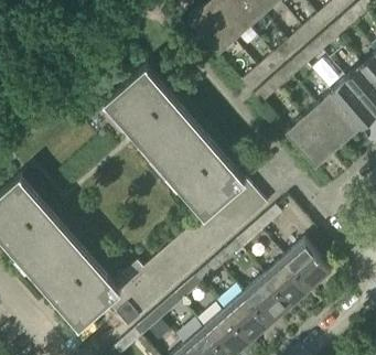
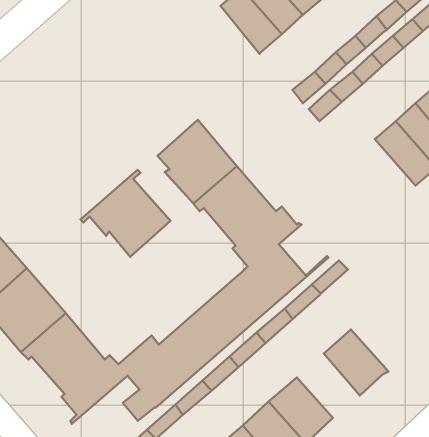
building: [104,67,170,131] -> [81,170,171,257]
building: [283,119,330,168] -> none
building: [282,241,330,290] -> none
building: [243,277,289,324] -> none

